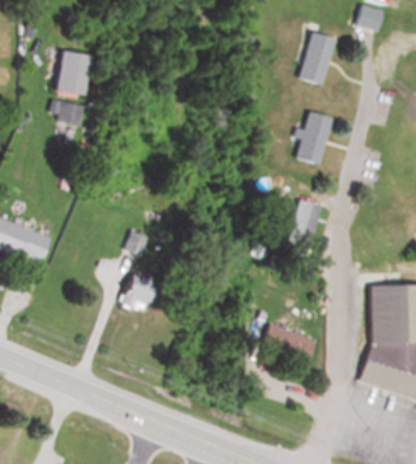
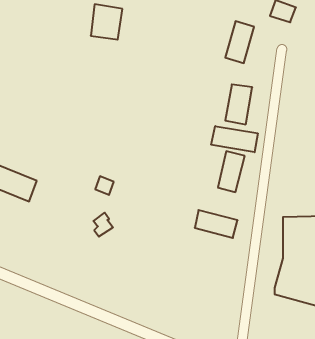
building: [54,49,95,95] -> [91,4,122,40]
building: [56,102,86,123] -> none
building: none -> [211,126,258,152]
building: [263,325,318,361] -> [195,210,238,238]

